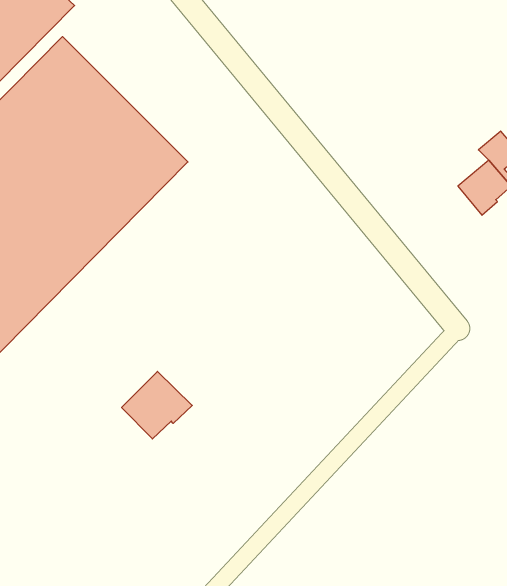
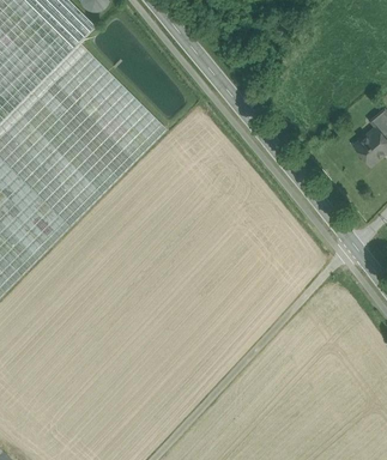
building: [122,371,192,439] -> none

